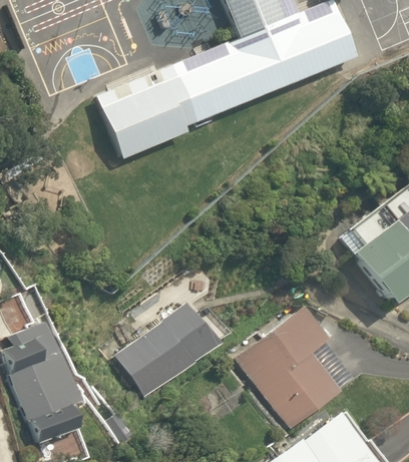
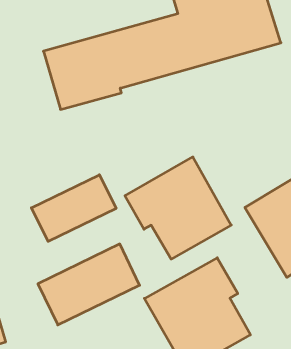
building: none -> [125,157,231,259]
building: none -> [31,175,116,241]

